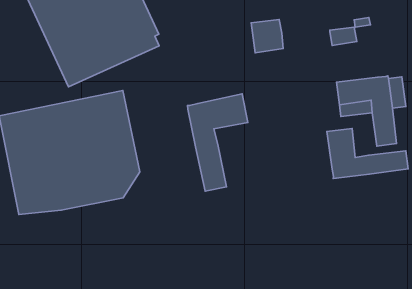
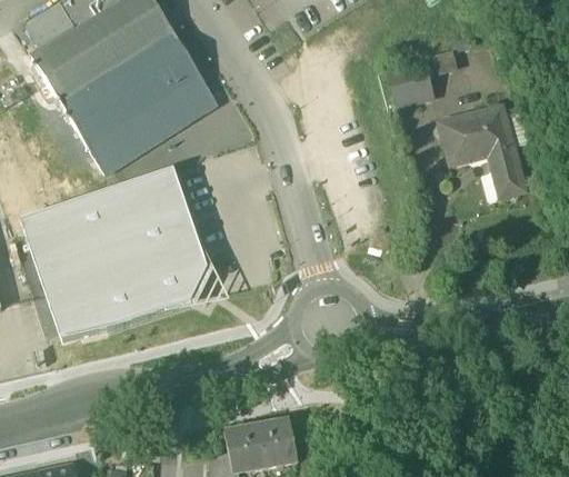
building: [251,19,283,53] -> [388,60,432,106]
building: [187,94,248,191] -> none
building: [327,128,408,178] -> none

